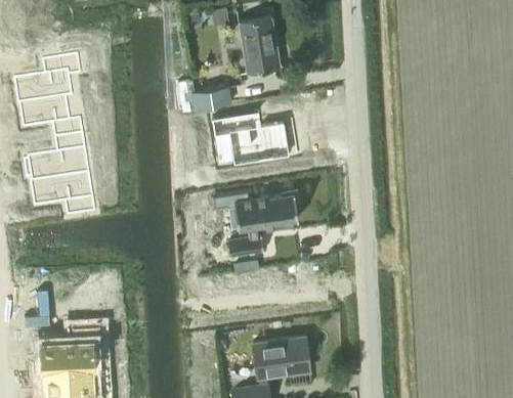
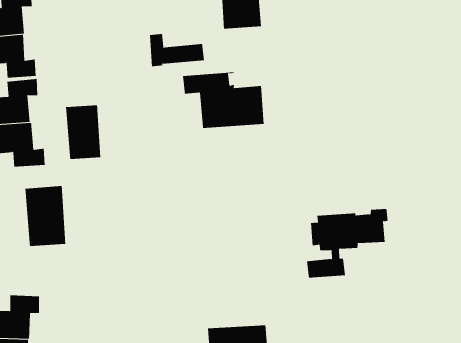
building: none -> [66,104,101,160]
building: [228,189,300,258] -> [306,208,388,278]
building: none -> [25,185,66,247]

